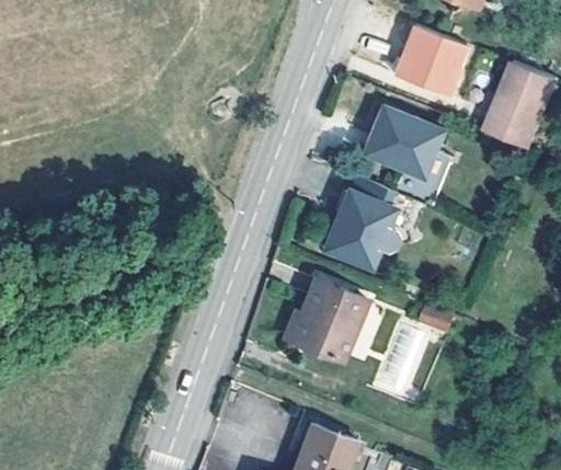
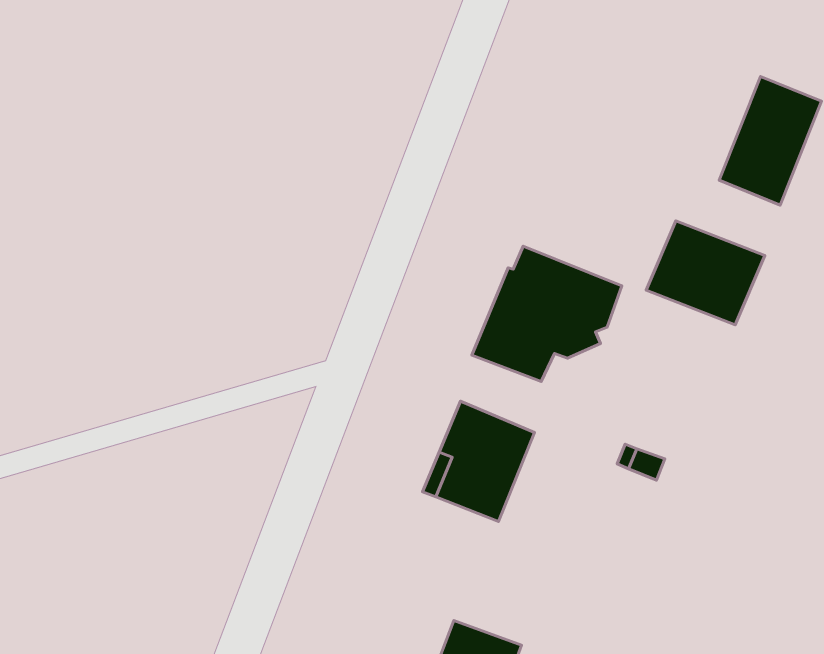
building: [394,25,463,95] -> none
building: [362,106,440,175] -> [646,221,765,325]

